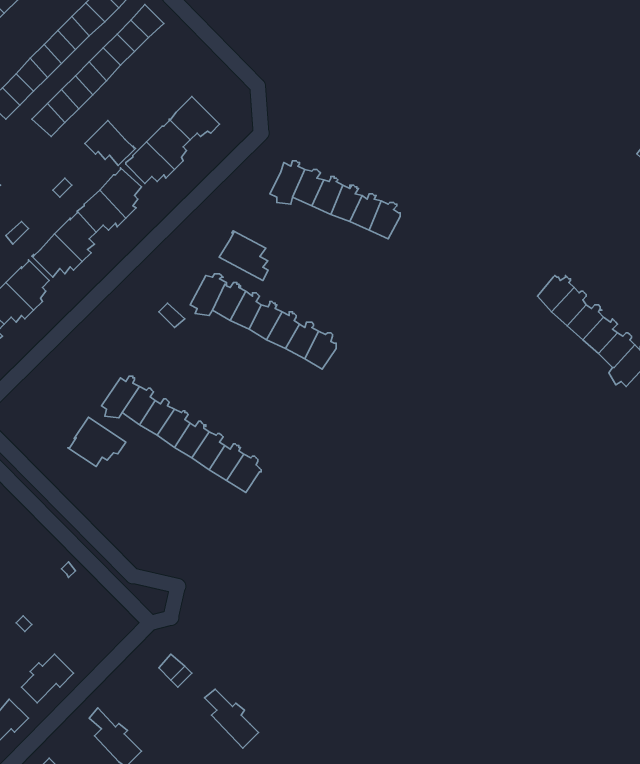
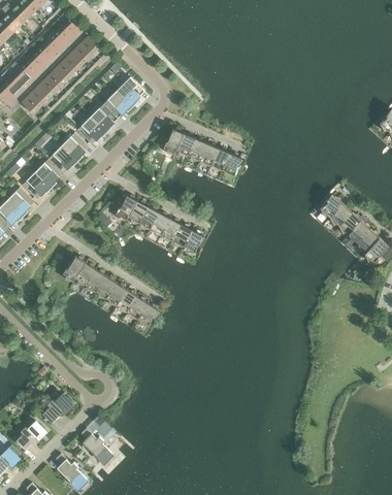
building: none -> [116,77,141,107]
building: [85,121,135,166] -> none
building: [219,231,268,280] -> none
building: [68,417,126,466] -> none
building: none -> [41,395,72,424]
building: [205,689,258,748] -> [79,429,111,464]

